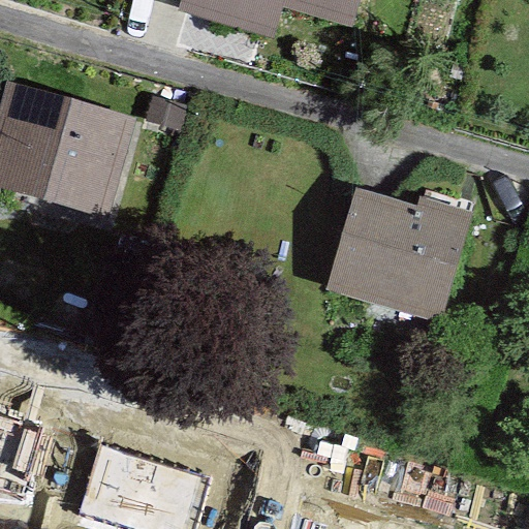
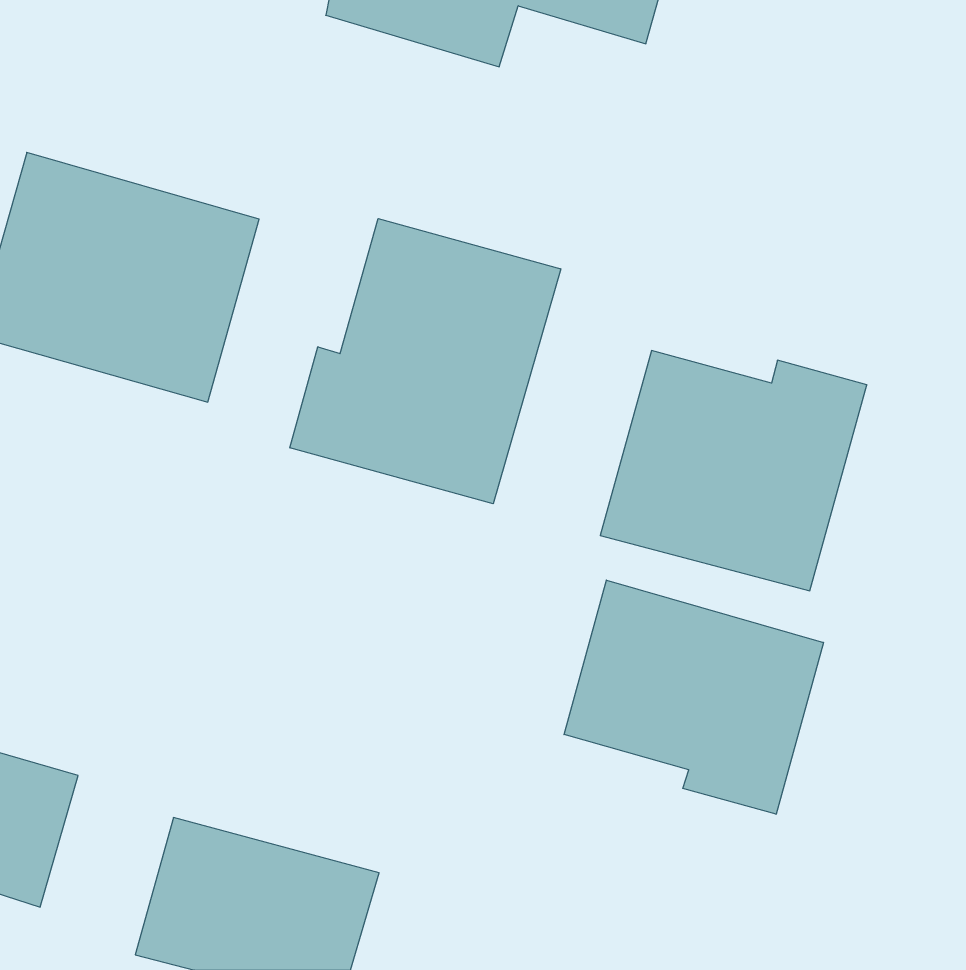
building: none -> [290,219,561,504]
building: none -> [564,580,823,814]

